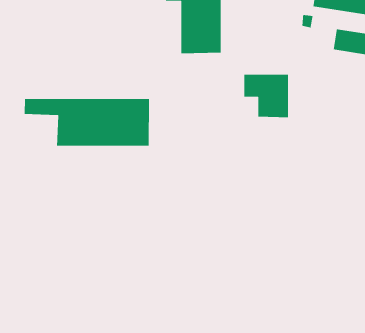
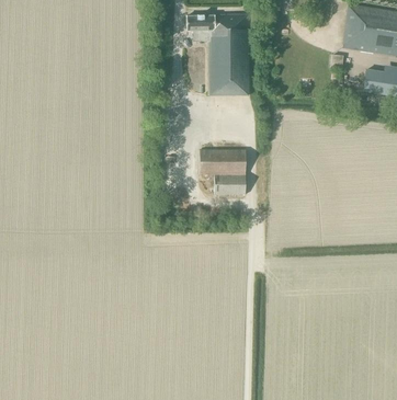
building: [243,74,289,118] -> [200,150,246,195]
building: [24,98,150,146] -> none

